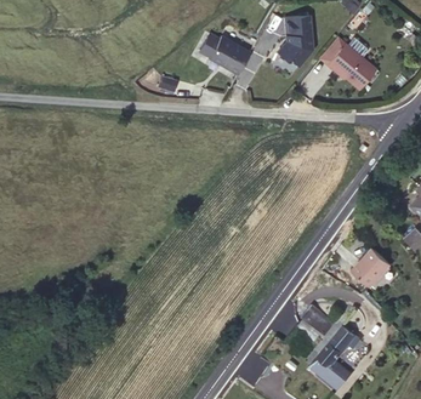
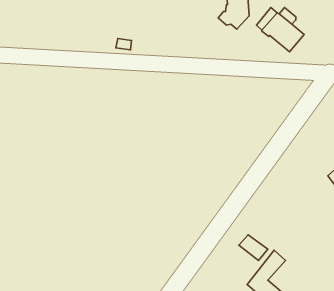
building: [209,36,250,75] -> none
building: [352,250,391,289] -> none

